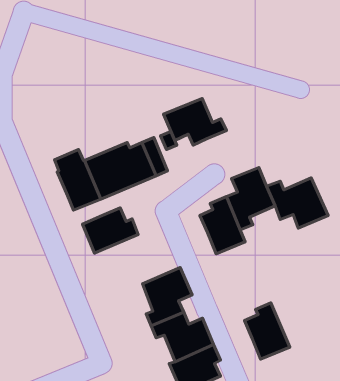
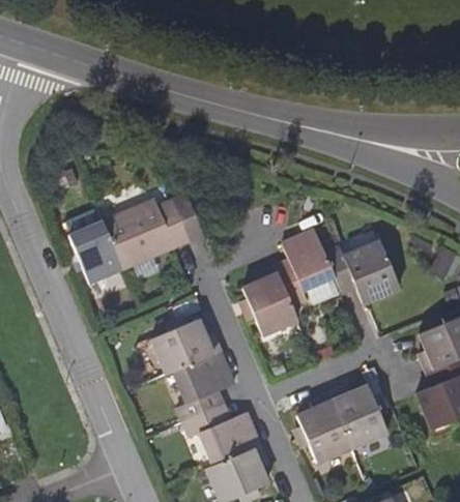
building: [164,98,226,145] -> none
building: [83,208,138,253] -> [152,320,220,375]
building: none -> [329,386,389,448]

